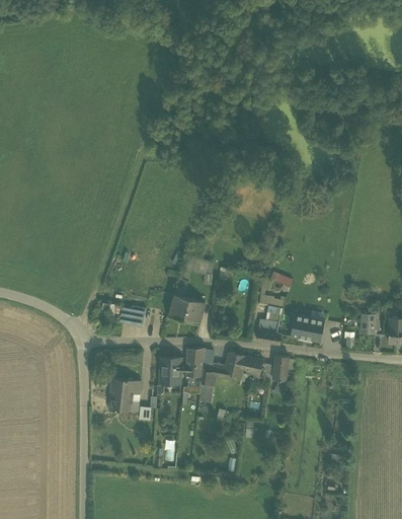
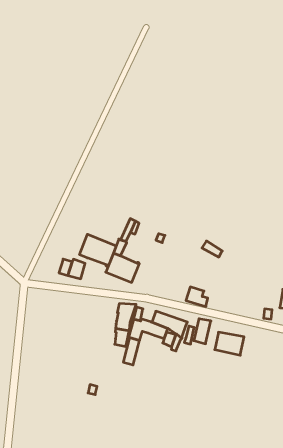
building: none -> [80,234,116,266]
building: [290,312,320,335] -> [215,332,244,355]
building: [159,357,180,384] -> none
building: [110,378,143,412] -> none

